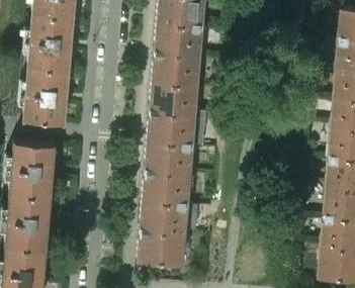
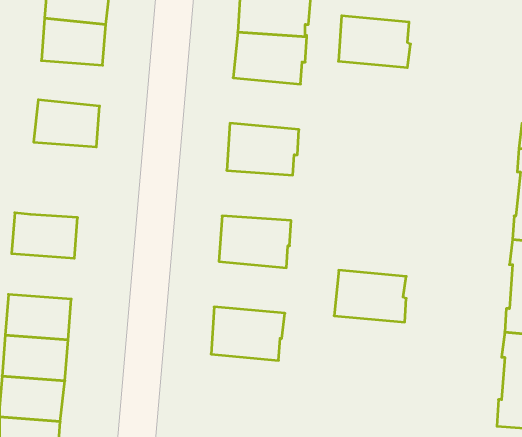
building: [26,43,68,73] -> none
building: [150,55,196,88] -> [338,16,411,68]
building: [21,96,64,125] -> none
building: [145,114,191,147] -> none
building: [7,168,50,197] -> none
building: [140,173,186,206] -> [334,270,406,322]
building: [135,232,181,267] -> none

